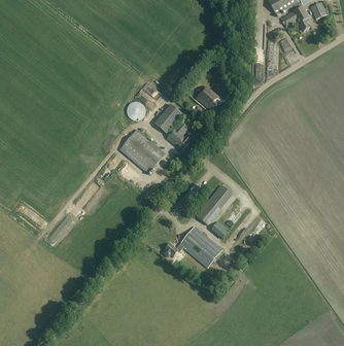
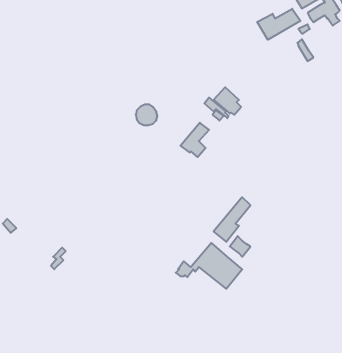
building: none -> [257,9,300,40]
building: [153,104,182,133] -> none
building: [119,129,165,172] -> none

